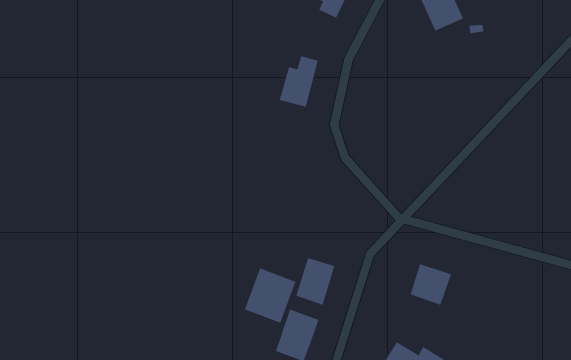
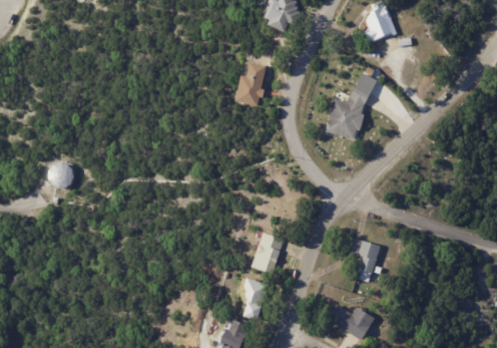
building: none -> [327,83,374,139]
building: none -> [45,162,68,189]
building: [244,267,296,324] -> none

